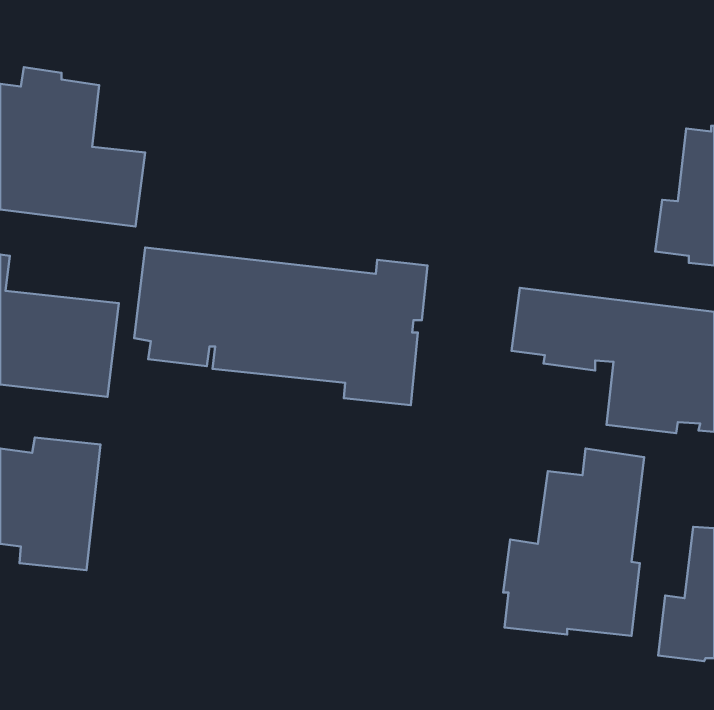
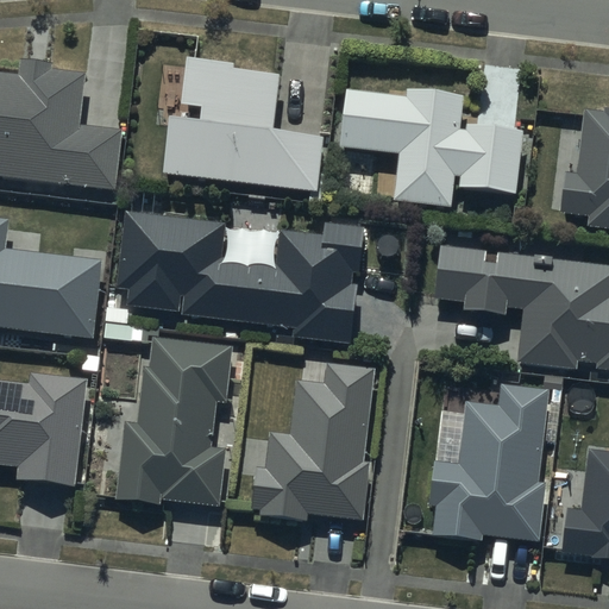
building: none -> [162,59,321,190]
building: none -> [340,88,520,206]
building: none -> [114,337,233,504]
building: none -> [251,364,372,520]

